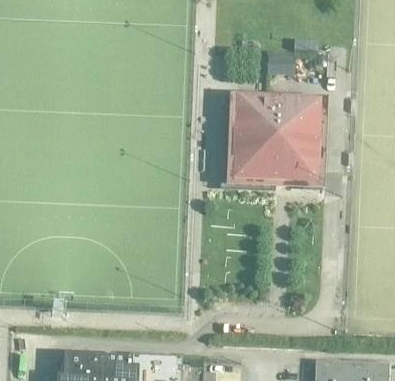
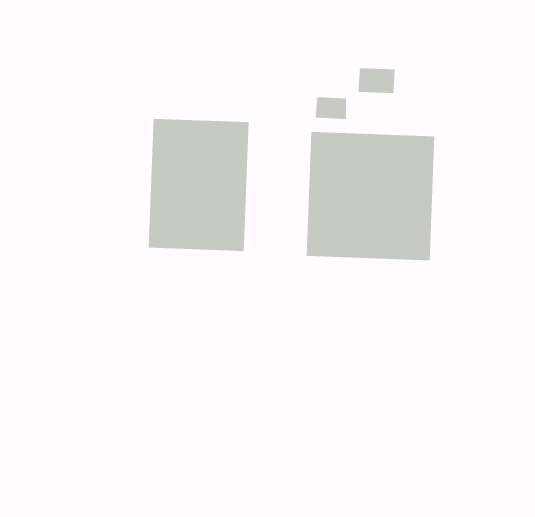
building: none -> [148,118,249,252]

